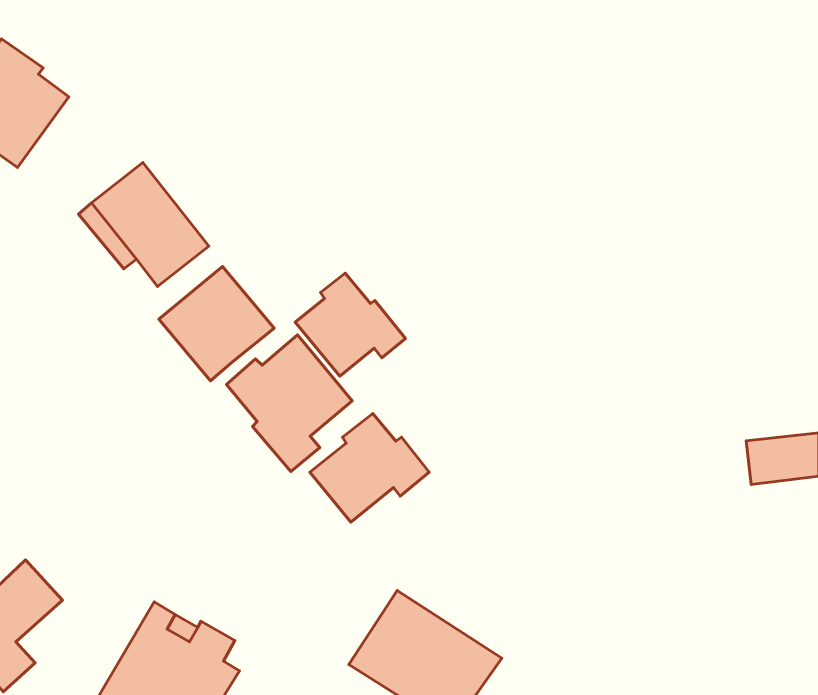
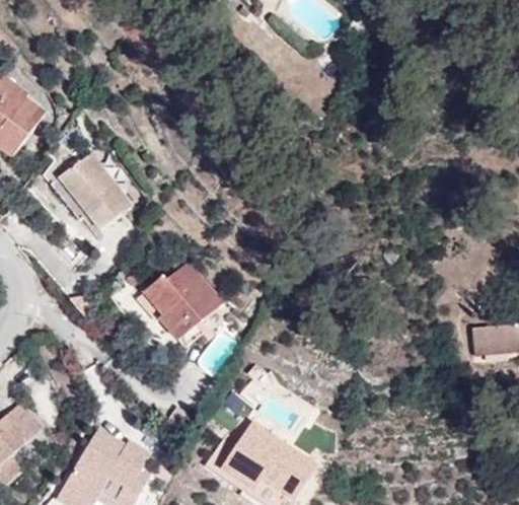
building: [159,266,274,381] -> none
building: [295,273,405,376] -> none
building: [310,413,429,522] -> none

